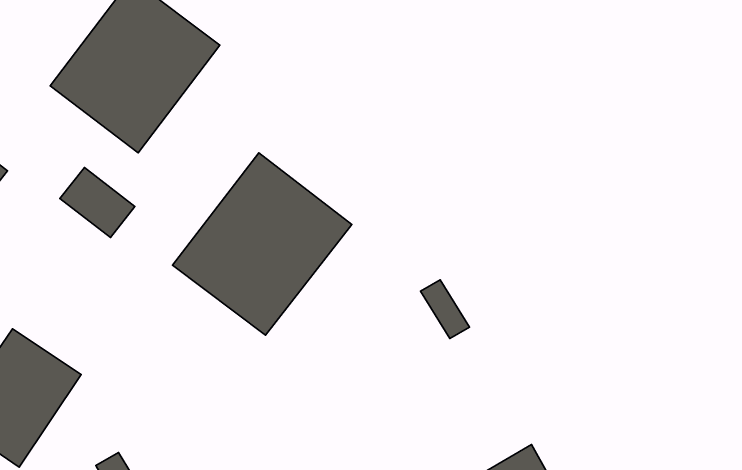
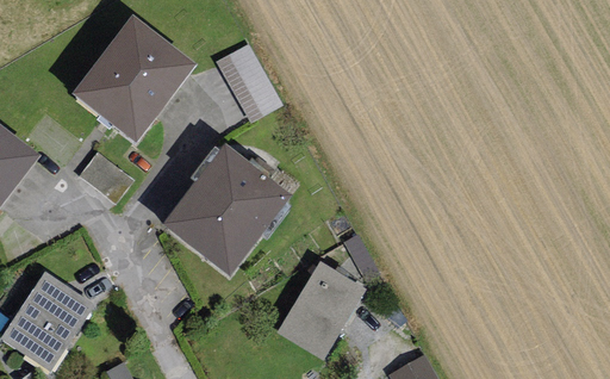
building: none -> [216,43,282,123]
building: none -> [276,261,366,360]

